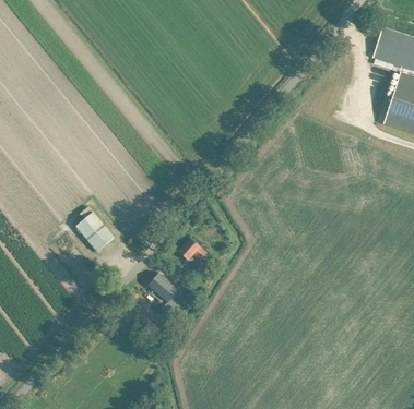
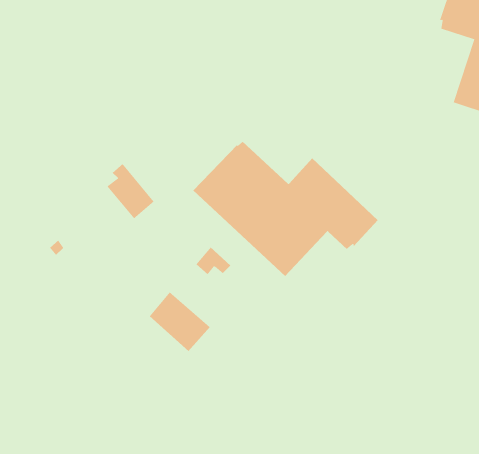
building: none -> [193,141,379,277]
building: [75,206,114,251] -> [106,163,154,219]

